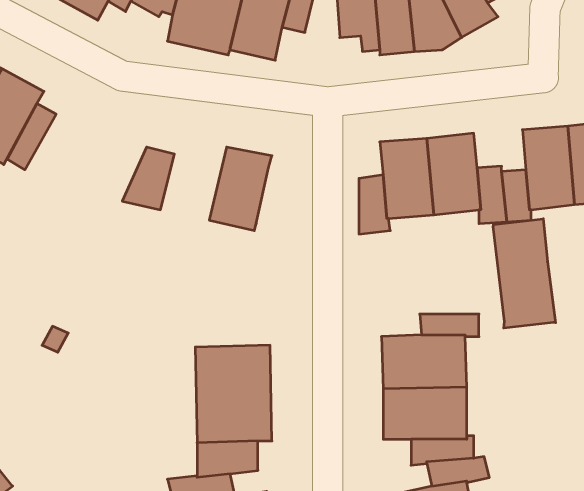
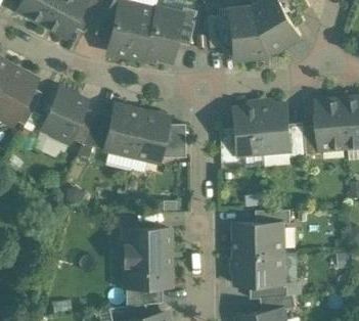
building: none -> [41,89,87,144]
building: none -> [103,105,142,155]
building: none -> [160,125,185,157]
building: [493,219,556,328] -> none

